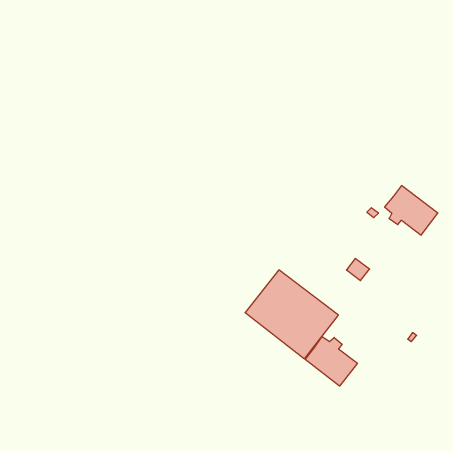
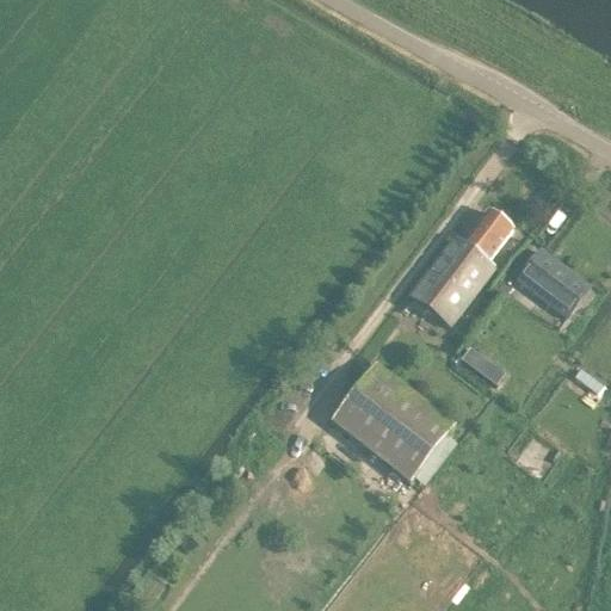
building: none -> [411,210,512,323]
building: [305,337,357,386] -> none

